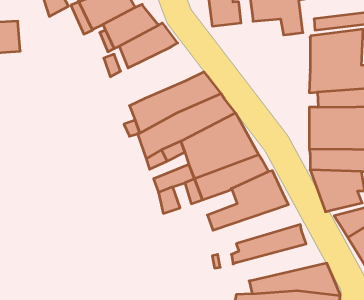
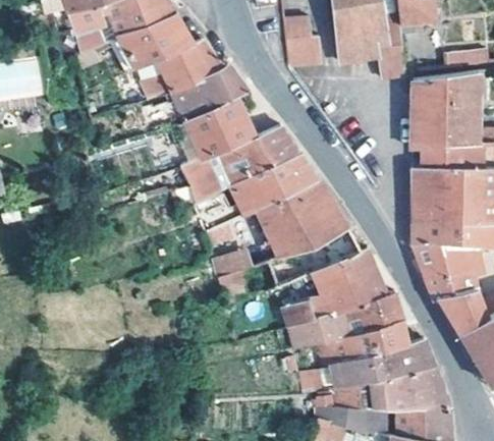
building: none -> [184,92,256,157]
building: none -> [290,289,401,346]
building: none -> [311,337,435,392]

